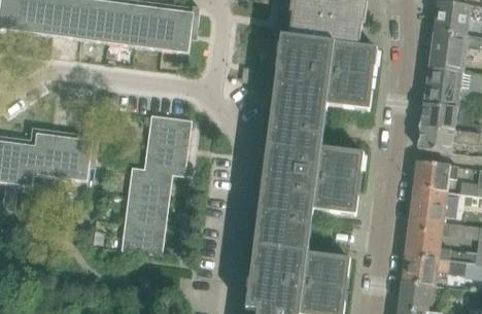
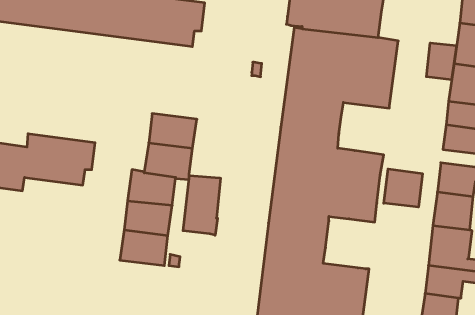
building: none -> [426,43,457,80]
building: none -> [384,169,422,207]
building: none -> [183,175,221,235]

